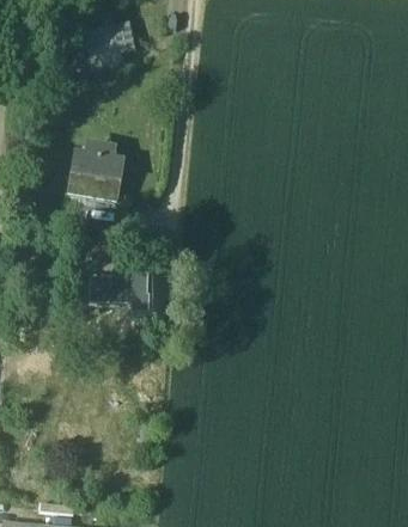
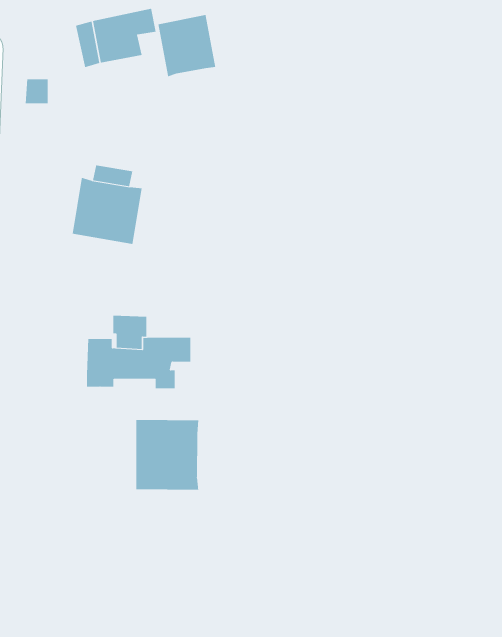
building: none -> [158,14,216,77]
building: none -> [136,419,199,491]

